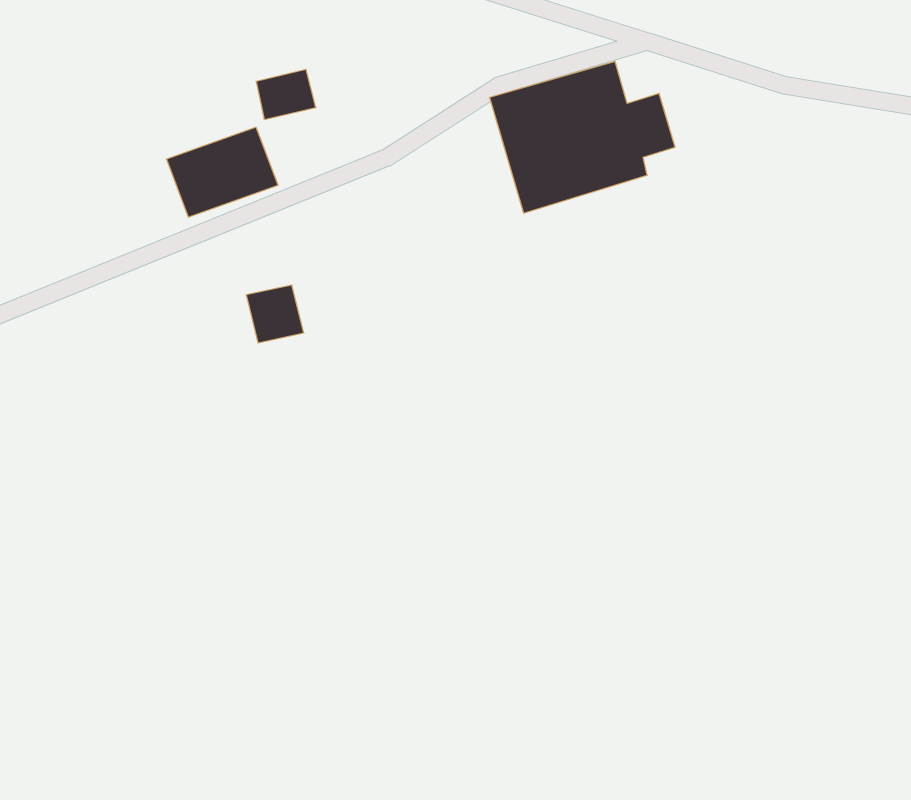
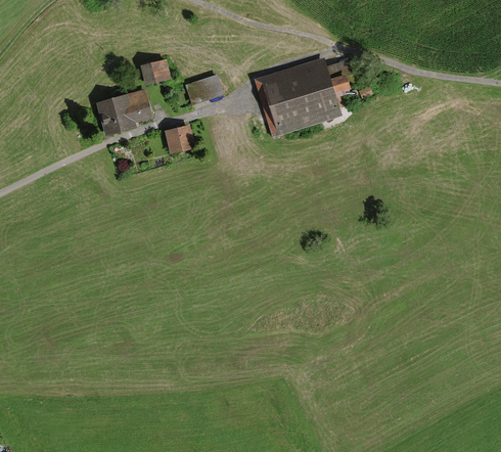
building: none -> [186,74,223,102]
building: [246,285,304,343] -> [164,124,193,153]

